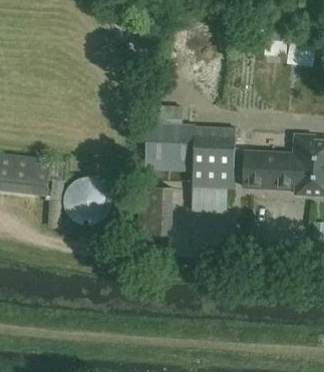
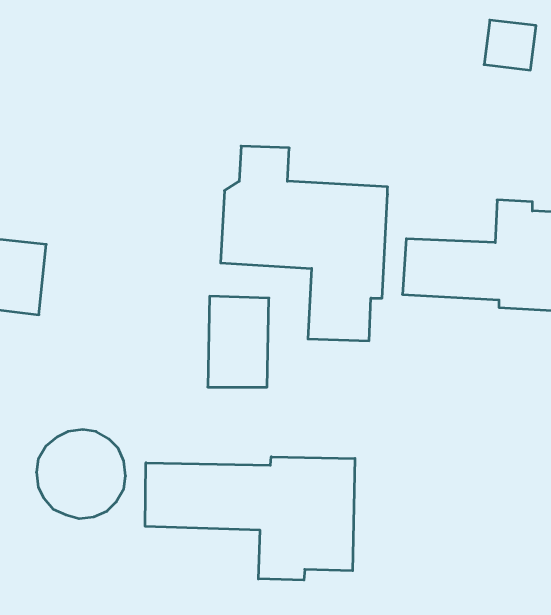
building: [63,177,111,226] -> [36,430,126,519]
building: none -> [145,457,355,580]

